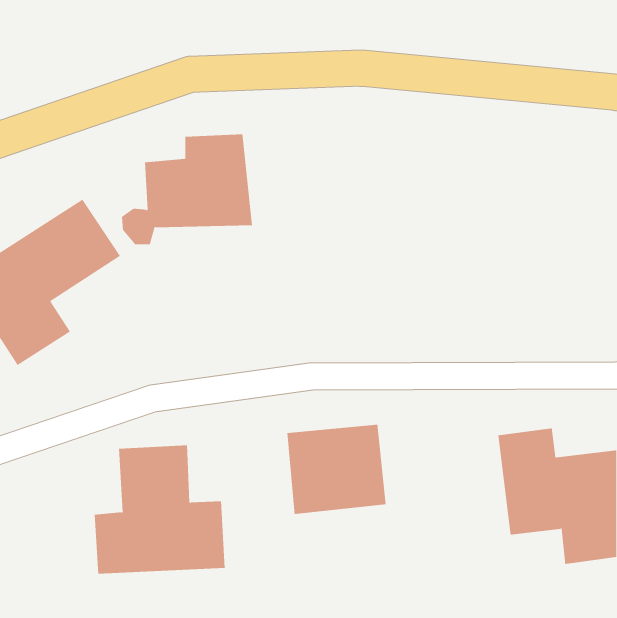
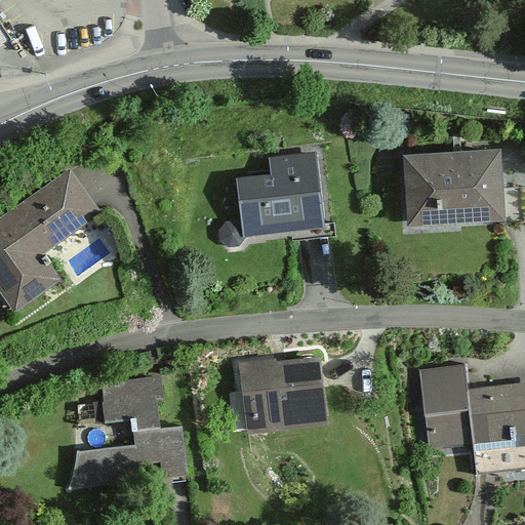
building: [121,134,253,245] -> [216,154,327,247]
building: none -> [402,148,507,232]

